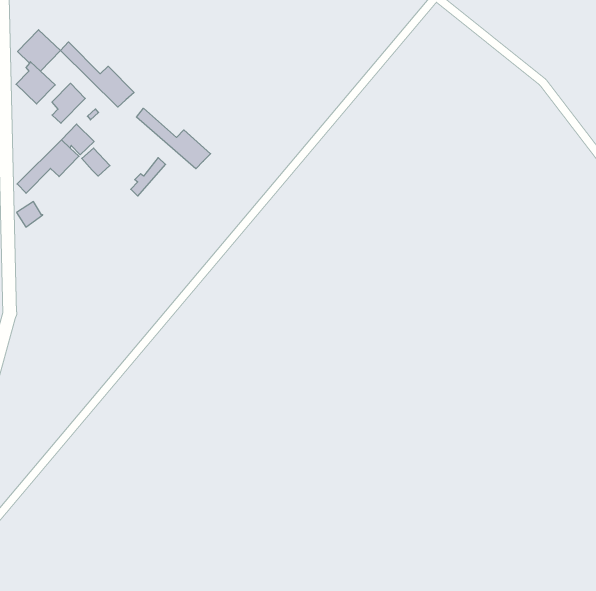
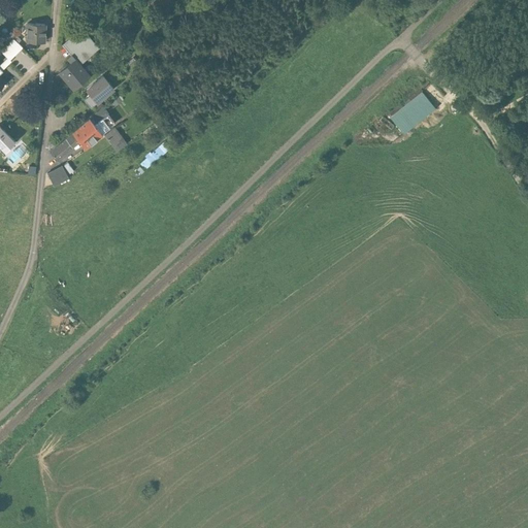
building: [60,42,134,107] -> none
building: none -> [391,91,437,134]
building: [136,108,211,169] -> none

